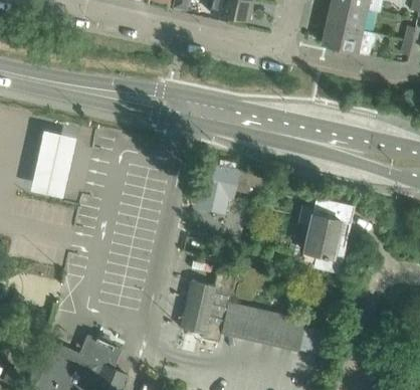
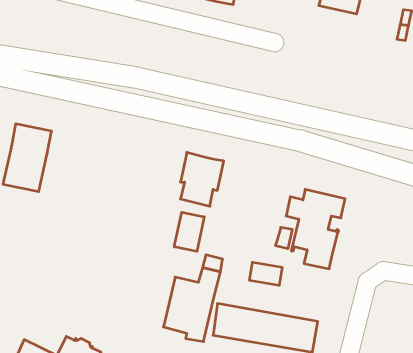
building: [323,22,376,55] -> none
building: none -> [174,212,204,251]
building: none -> [250,262,282,285]

